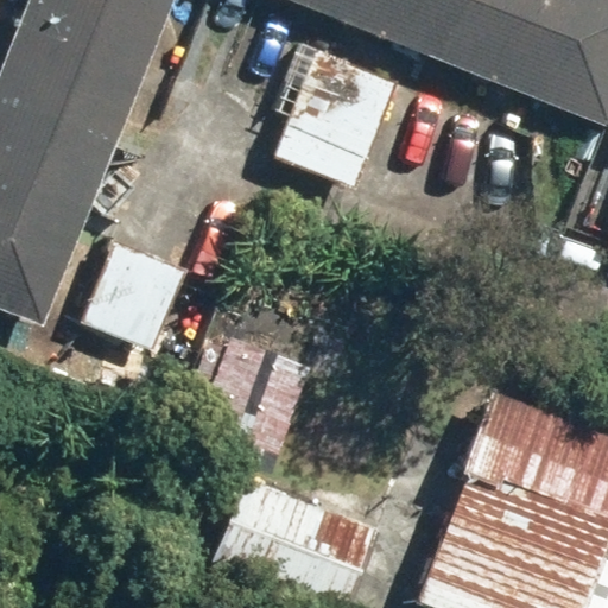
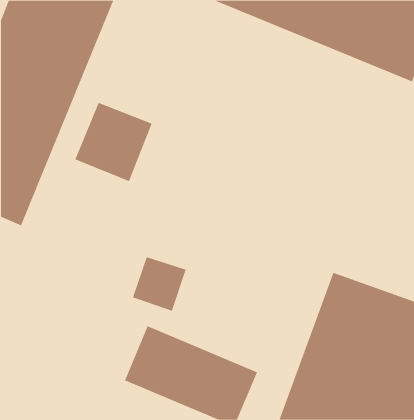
building: [271,30,399,186] -> none
building: [72,239,185,354] -> [74,102,152,182]

